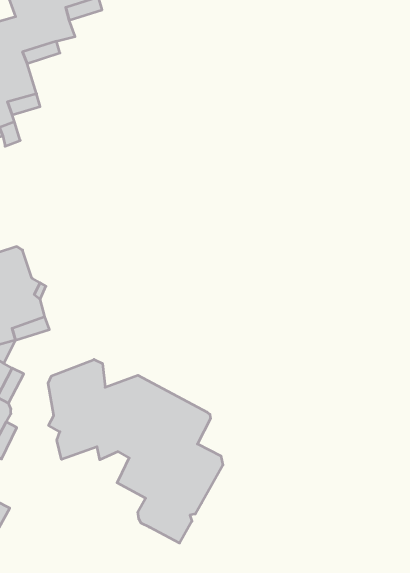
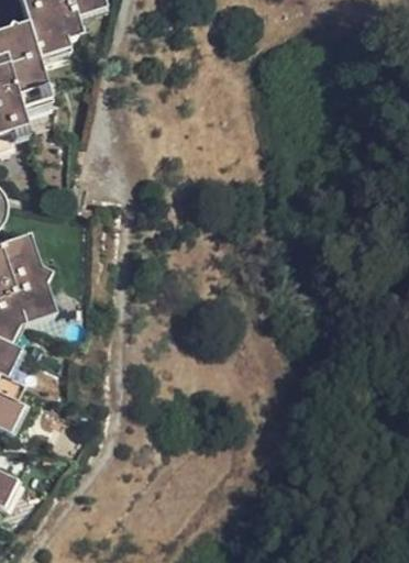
building: [48,359,223,543] -> none

